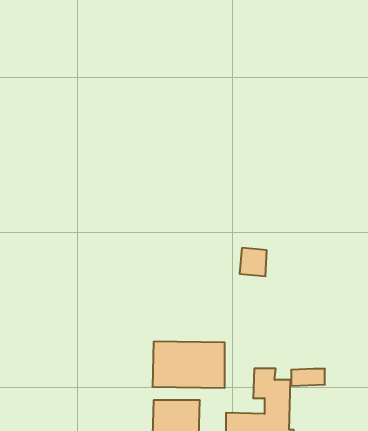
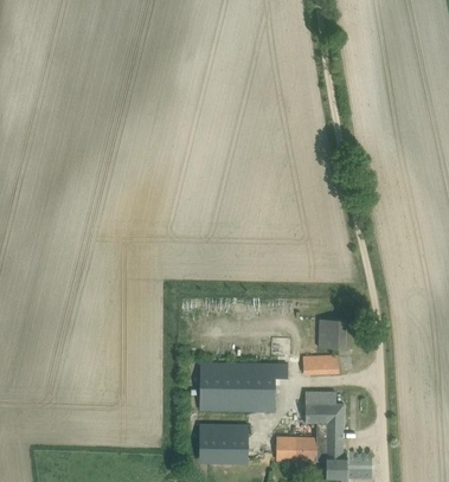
building: [240,248,267,276] -> [317,320,346,349]
building: [291,369,325,386] -> [303,356,339,374]

